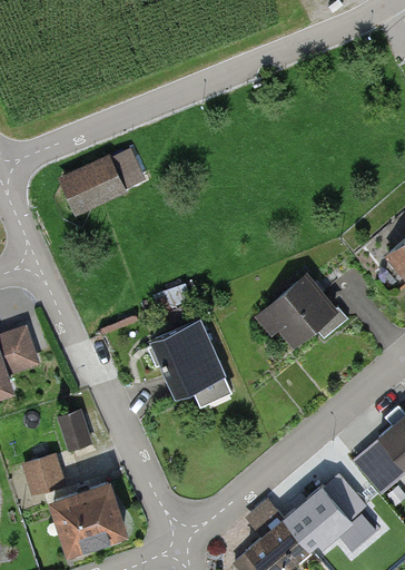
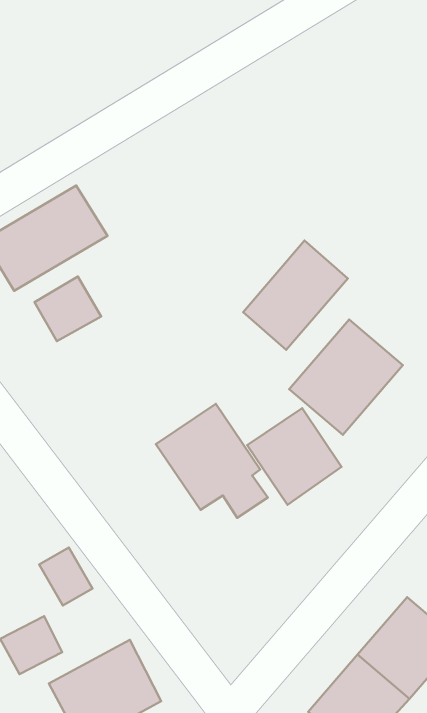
building: none -> [243,241,348,350]
building: none -> [34,277,101,341]
building: none -> [247,408,341,505]

